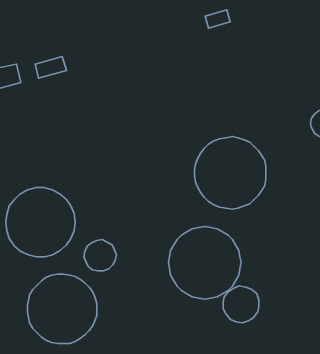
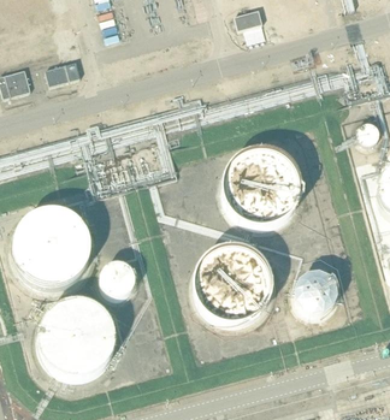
building: [223,286,259,323] -> [294,273,333,314]

